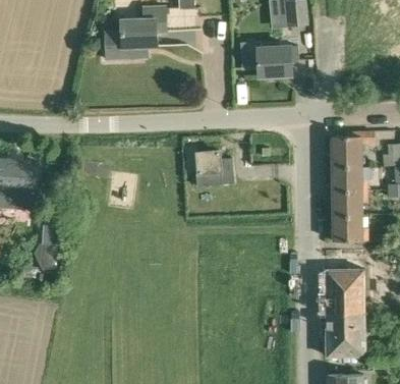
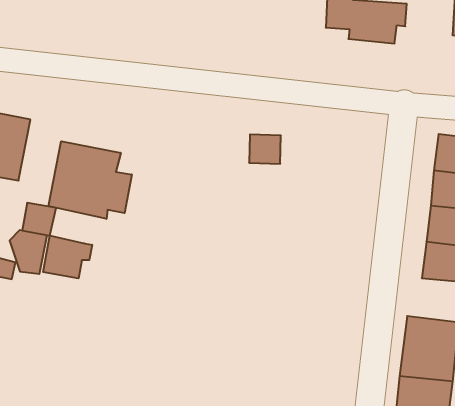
building: none -> [49,141,132,219]
building: none -> [43,236,92,278]

